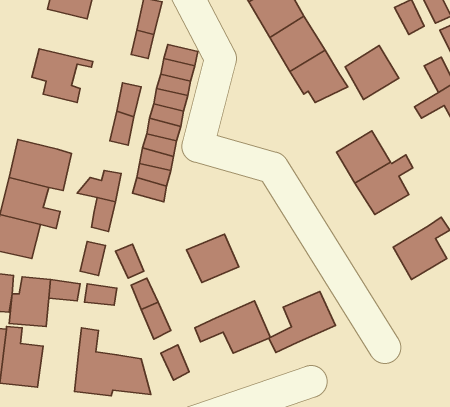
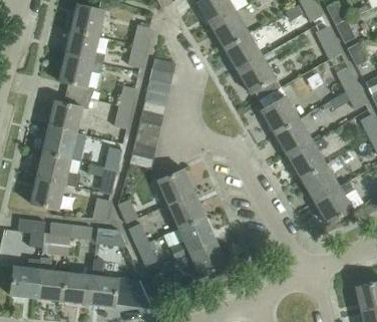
building: none -> [63,33,105,70]
building: [345,46,399,99] -> [261,96,299,134]
building: none -> [48,93,90,132]
building: none -> [301,165,339,202]
building: none -> [157,169,195,204]
building: [269,291,335,352] -> [168,216,216,259]
building: none -> [62,272,91,304]

